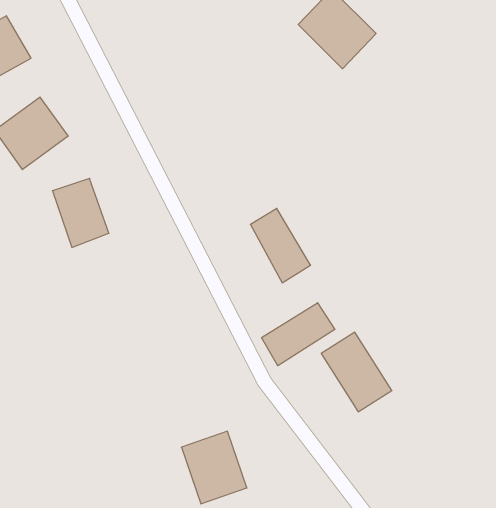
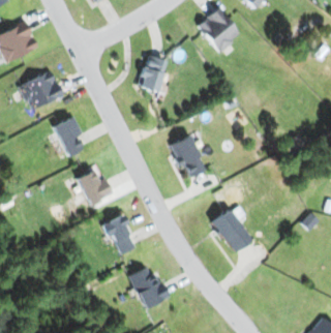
building: none -> [133,53,169,93]
building: none -> [76,166,114,206]
building: [262,303,335,366] -> none
building: none -> [101,215,136,252]

